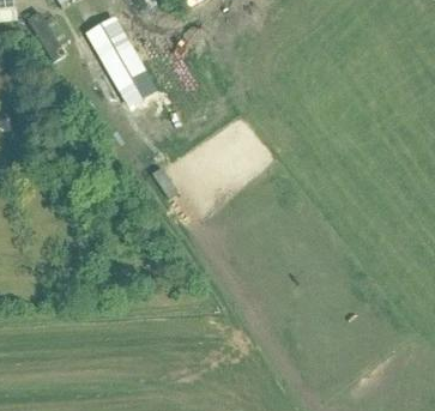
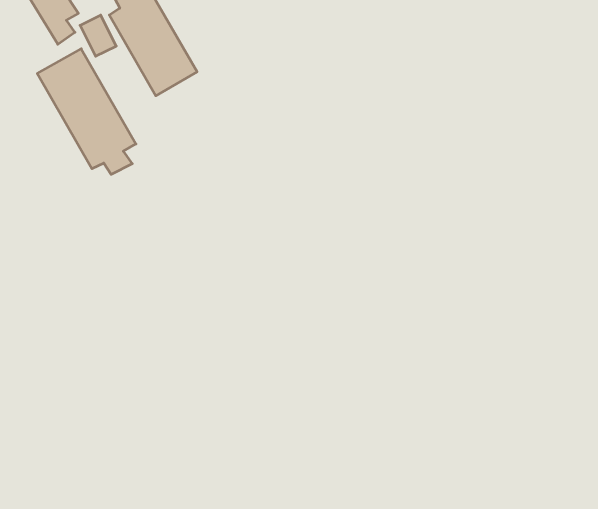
building: none -> [37,49,136,174]

